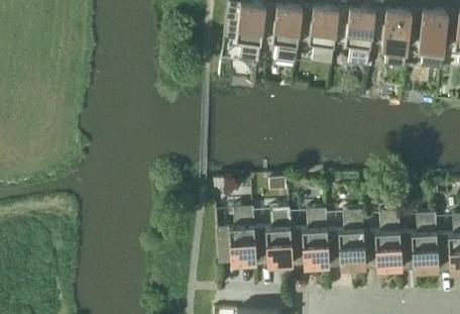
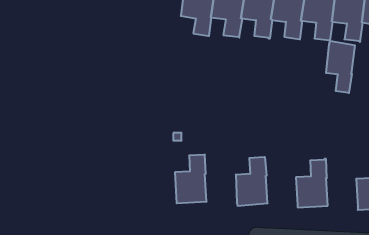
building: none -> [326,41,355,93]
building: [254,206,293,265] -> none
building: [328,209,366,268] -> none
building: [400,212,439,271] -> none

